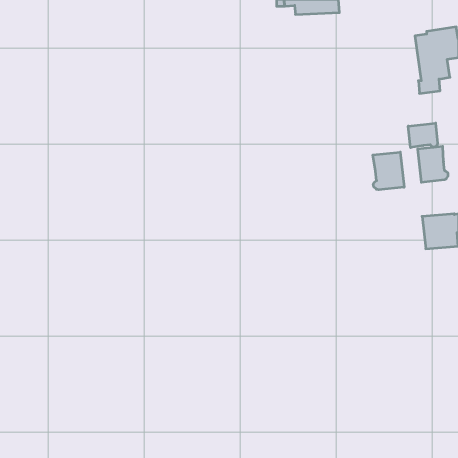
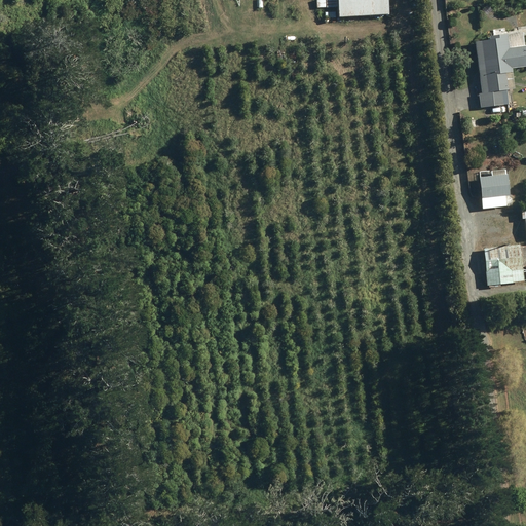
building: [408,123,438,148] -> none
building: [373,152,404,190] -> none

